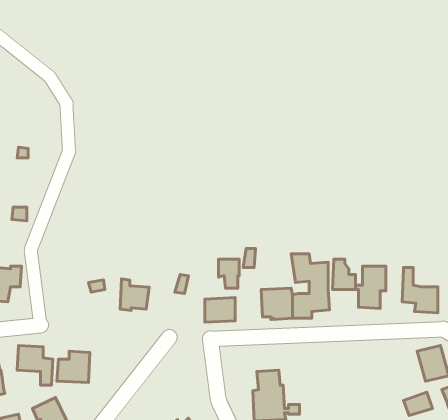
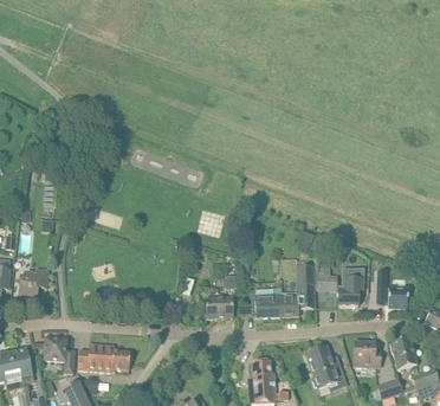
building: [120,279,149,310] -> [105,343,130,370]
building: none -> [354,340,380,366]
building: none -> [305,346,344,387]

